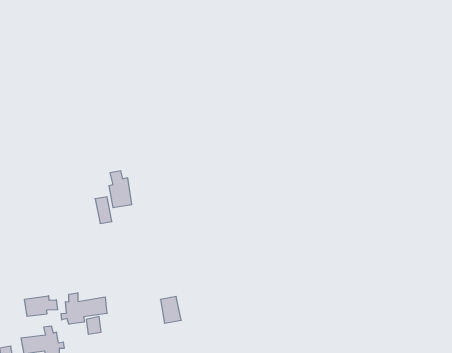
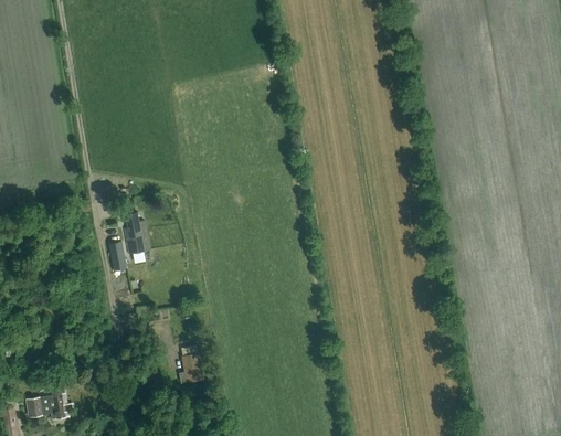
building: [61,293,107,324] -> none
building: [25,296,57,316] -> none

